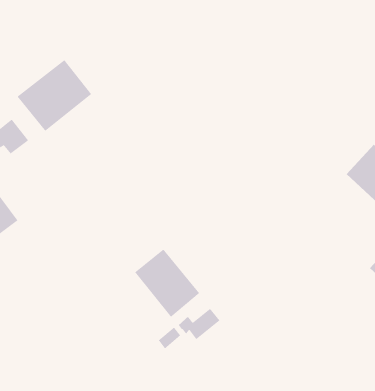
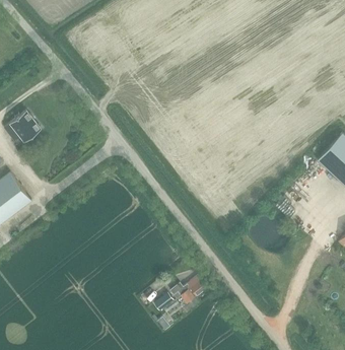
building: [16,59,92,132] -> none
building: [134,248,200,318] -> none

